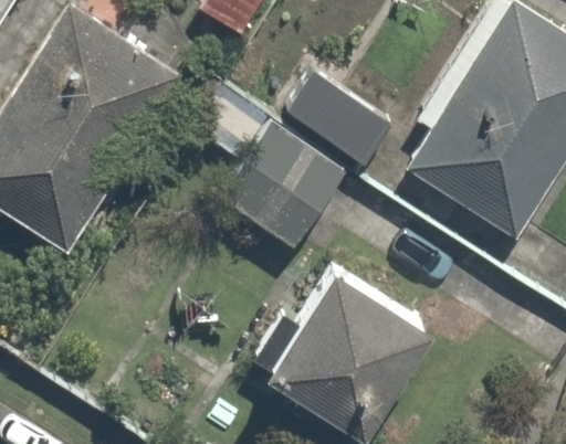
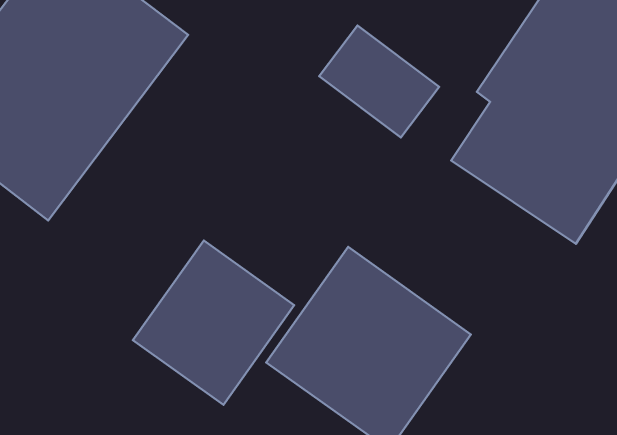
building: [203,93,344,246] -> none
building: none -> [133,241,294,405]

